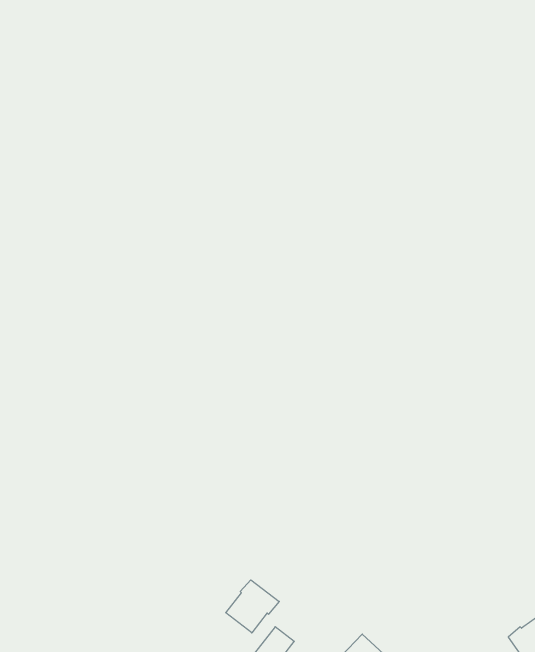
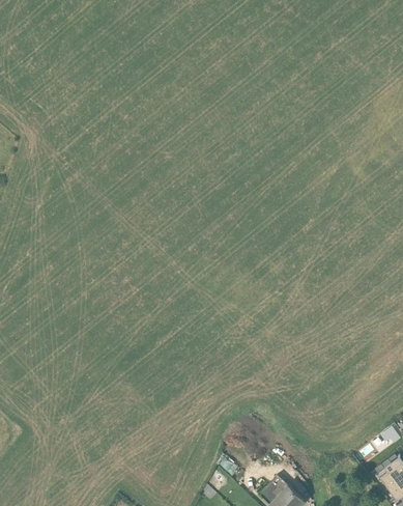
building: [226,580,279,633] -> none

